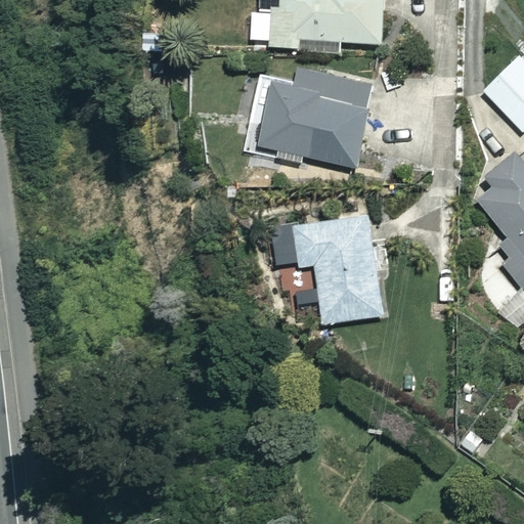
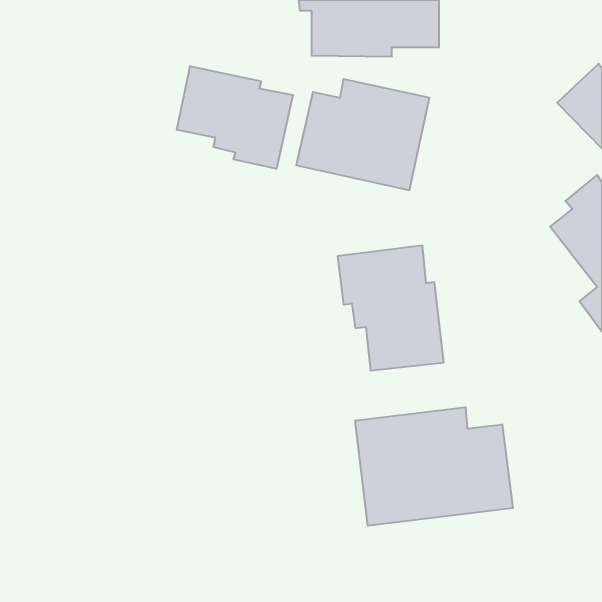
building: none -> [177,66,293,169]
building: none -> [355,407,513,526]

